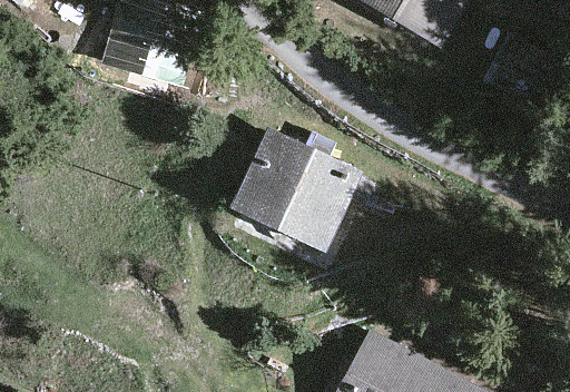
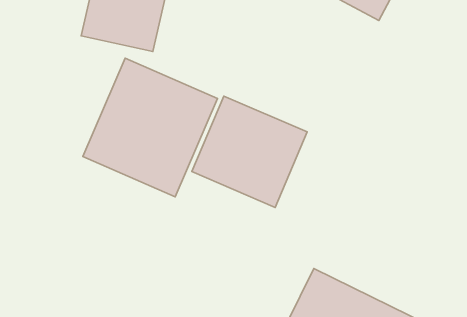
building: none -> [83,58,217,197]

